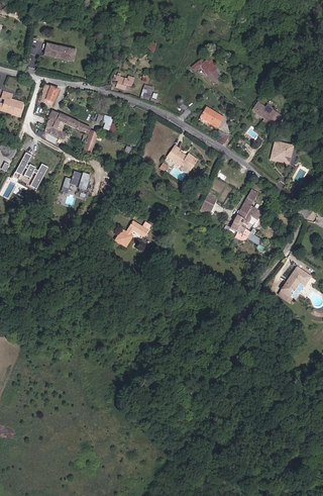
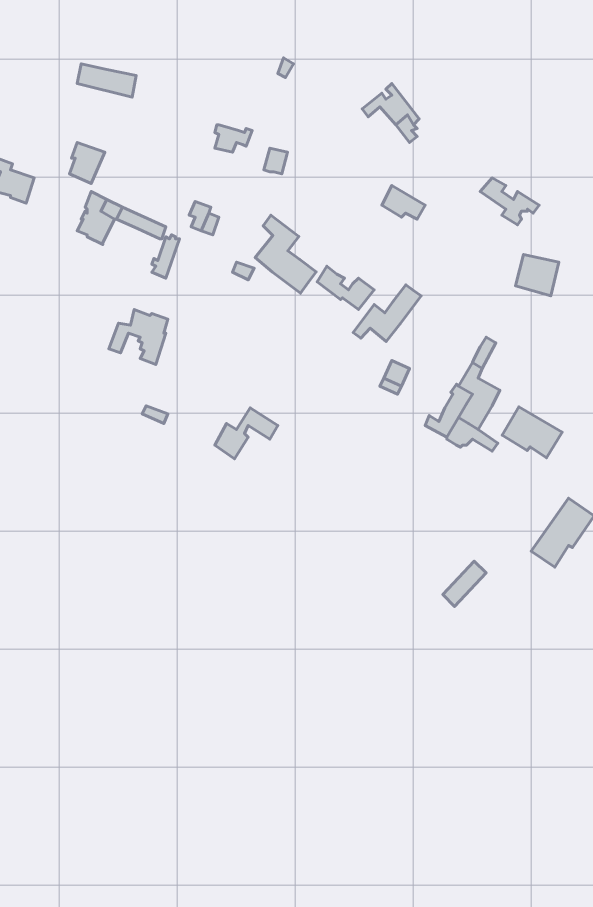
building: none -> [255,215,316,293]
building: [14,153,47,190] -> none
building: none -> [353,285,421,341]
building: none -> [502,407,562,458]

